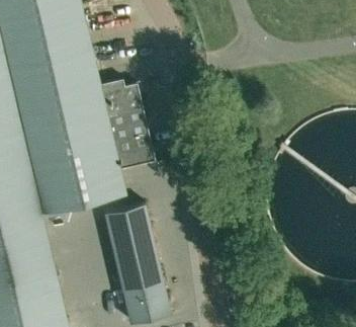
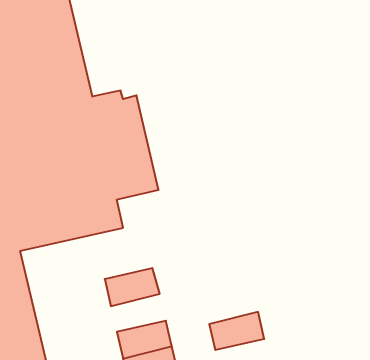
building: [105,206,150,237] -> none
building: [115,249,161,280] -> [209,312,264,350]

